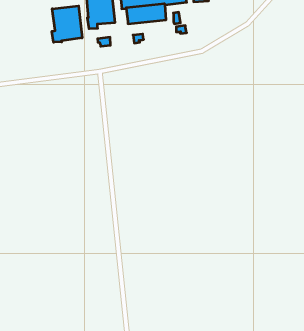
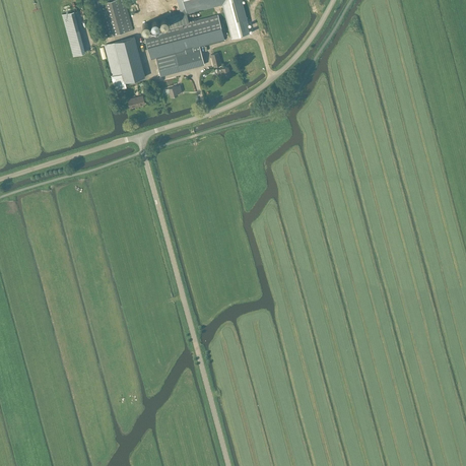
building: [52,6,82,42] -> none

